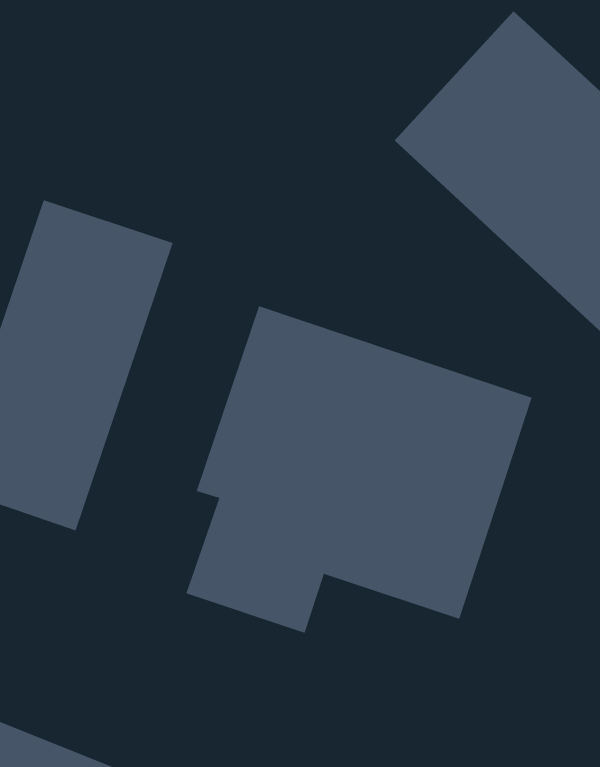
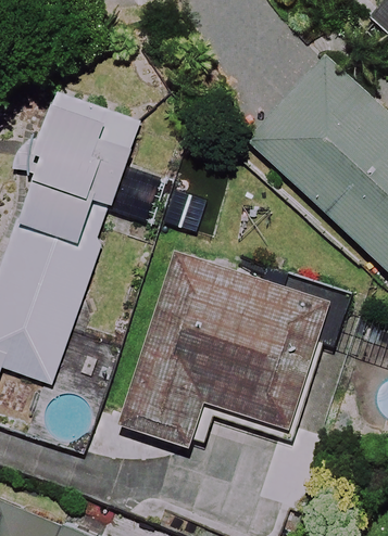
building: none -> [26,92,141,204]

